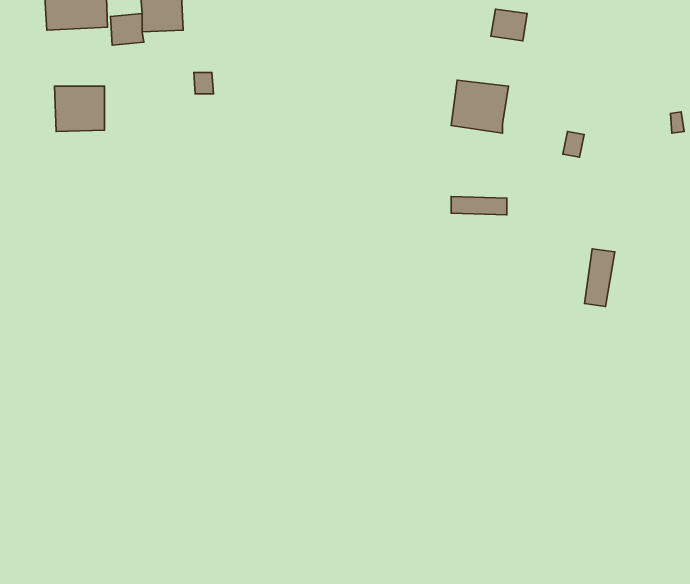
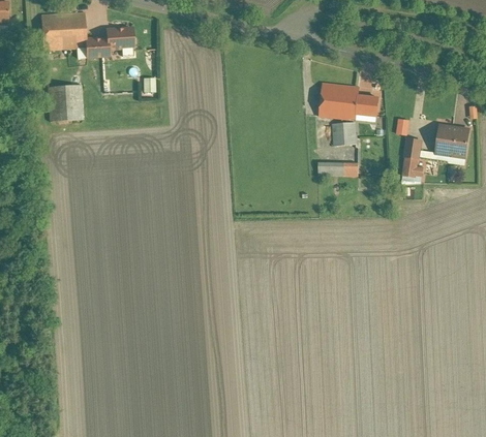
building: [491,9,527,41] -> [355,94,379,116]
building: none -> [335,123,356,146]
building: none -> [434,123,469,155]
building: [584,249,615,306] -> [403,138,424,178]

